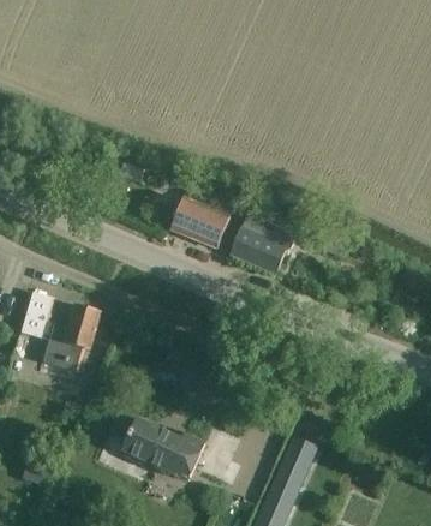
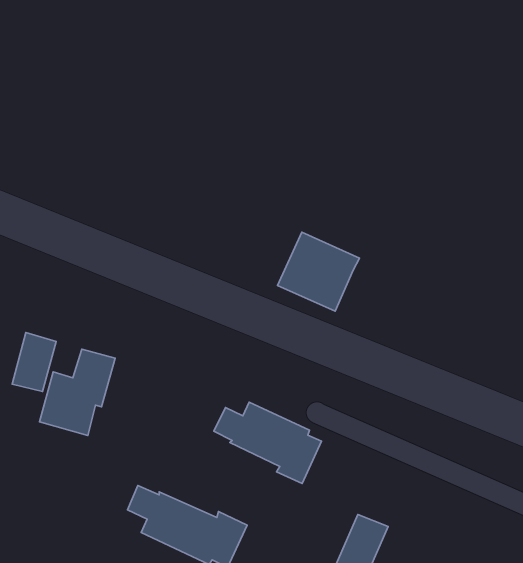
building: [172,199,229,245] -> none
building: none -> [214,402,322,483]

